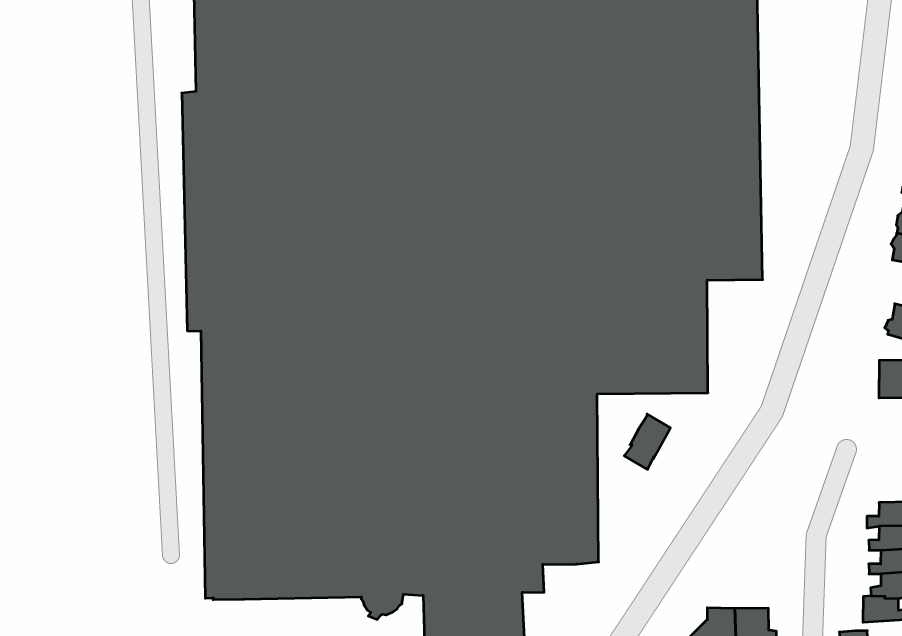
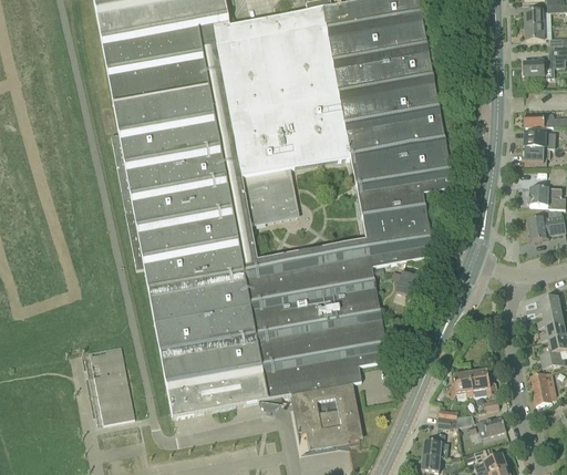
building: none -> [90,347,137,425]

